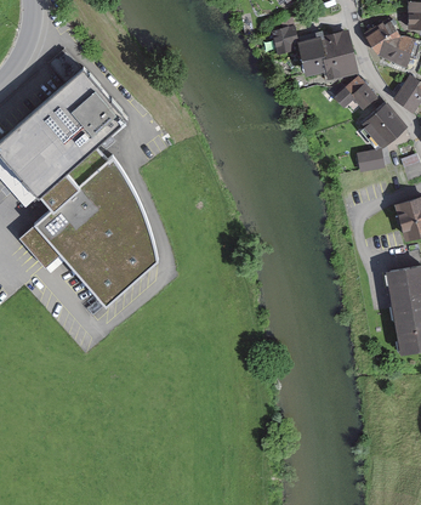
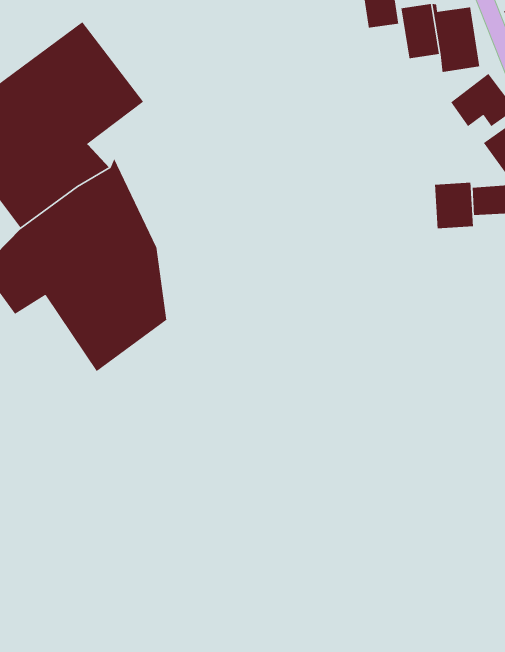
building: none -> [434,182,474,229]

